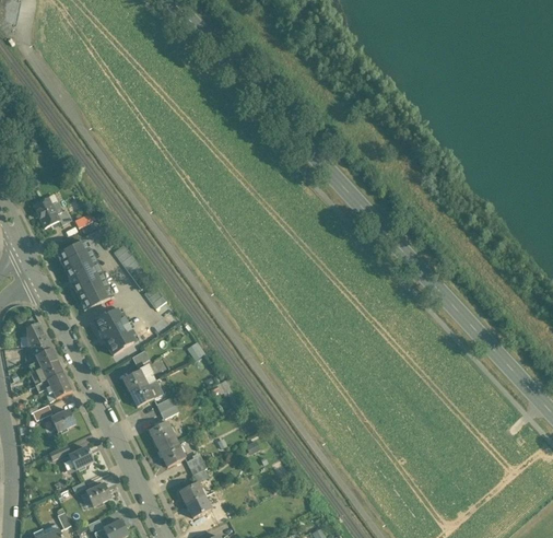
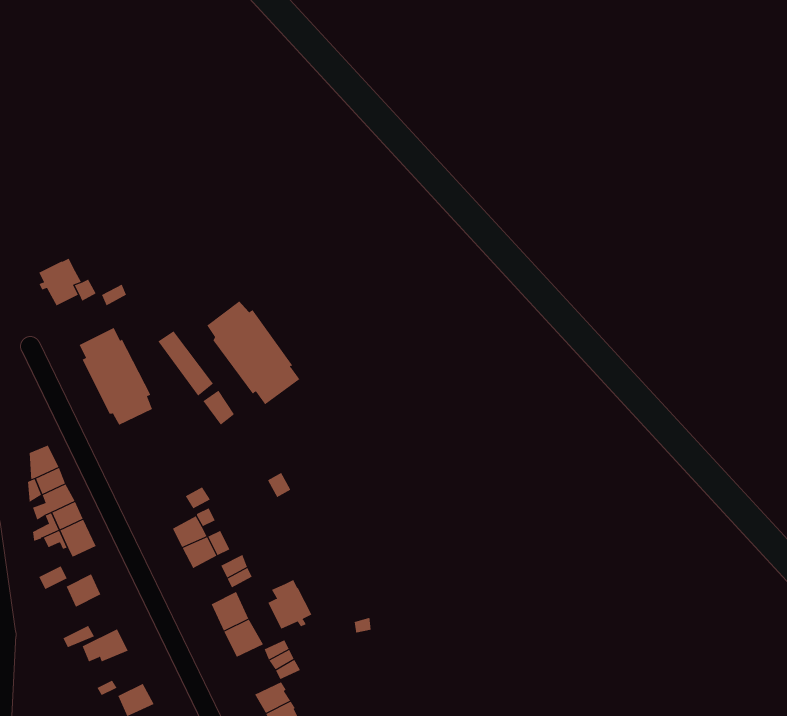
building: none -> [207,300,300,405]
building: [94,309,134,354] -> none
building: none -> [268,579,312,630]

